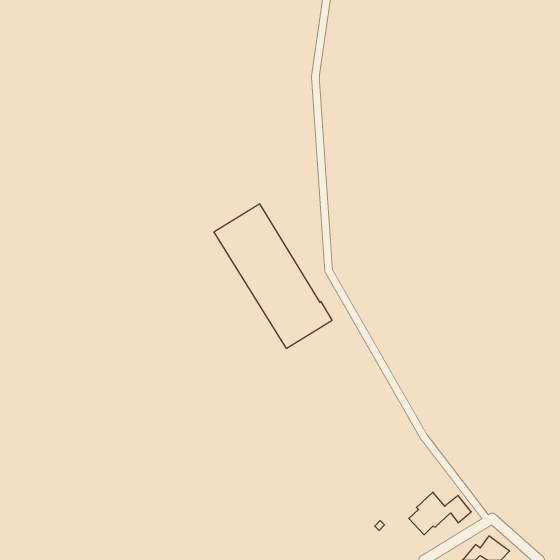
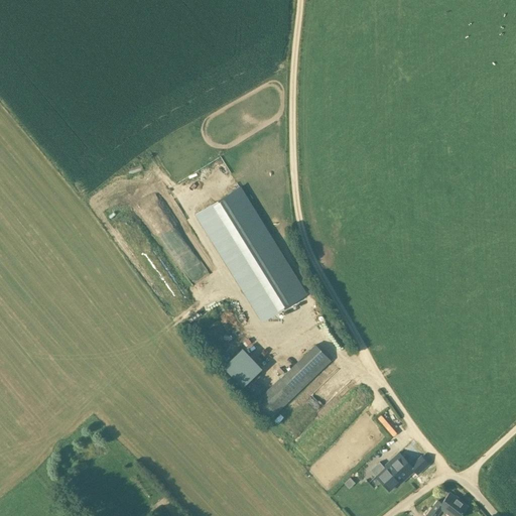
building: none -> [257,346,330,418]
building: none -> [224,348,263,387]

